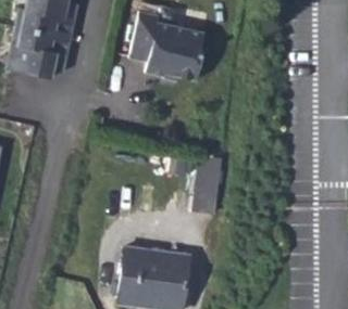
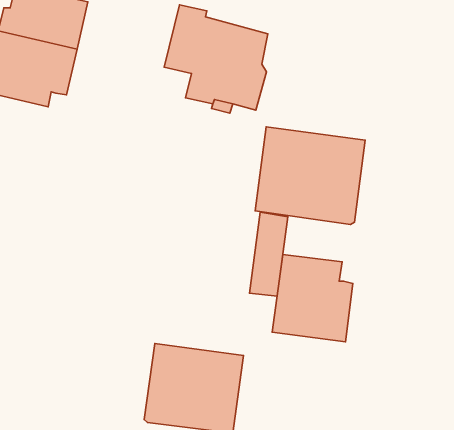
building: none -> [255,127,365,224]
building: none -> [272,255,353,342]

